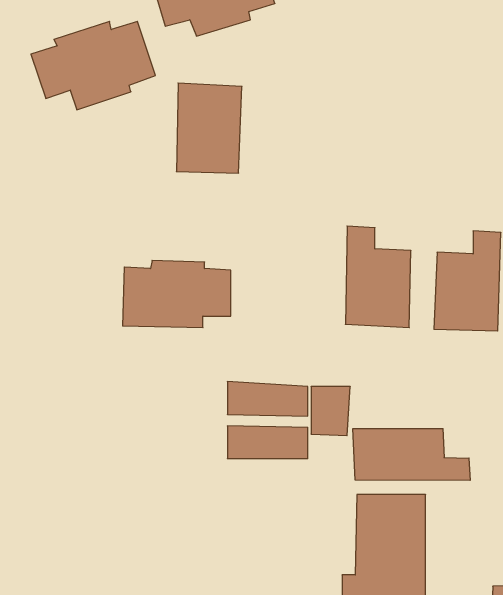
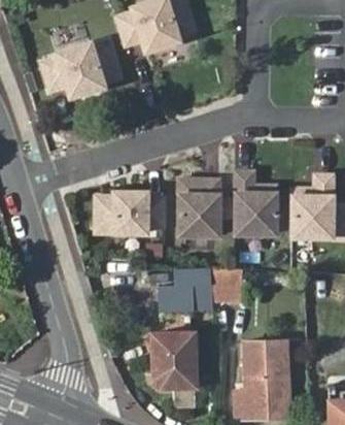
building: [176,83,242,173] -> [180,178,221,235]
building: [353,429,470,480] -> none
building: none -> [150,333,194,386]

